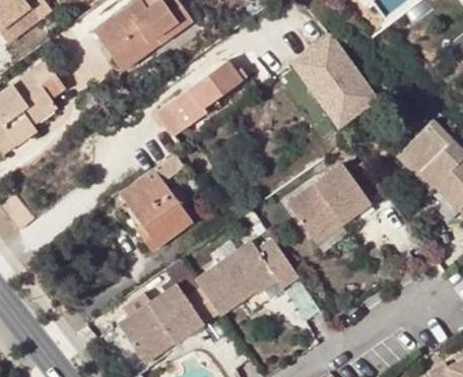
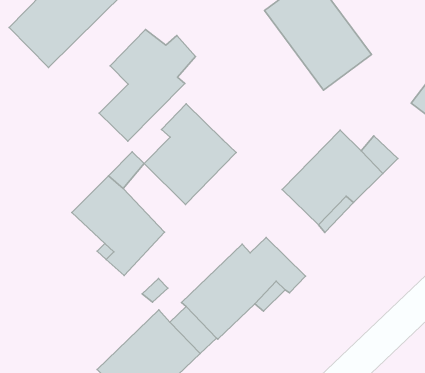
building: none -> [144,104,236,205]

